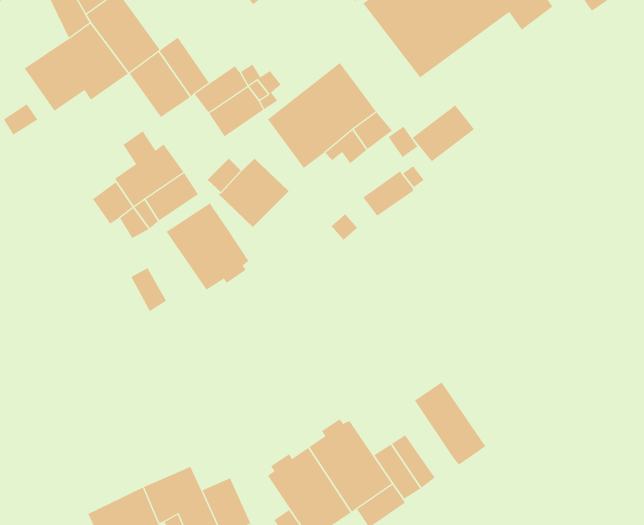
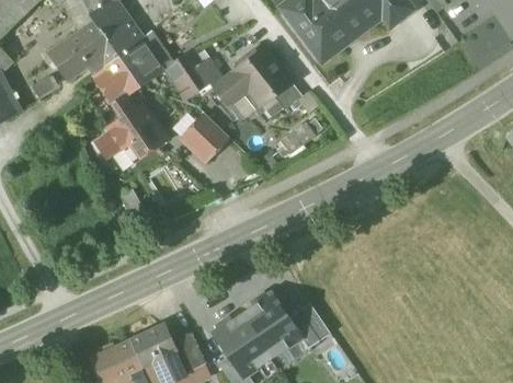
building: none -> [93,55,141,104]
building: [412,105,475,162] -> none
building: [166,203,249,291] -> none
building: [414,382,487,465] -> none

